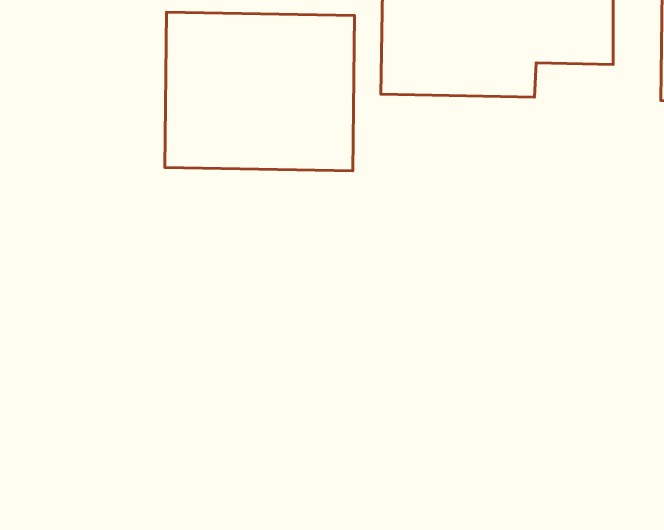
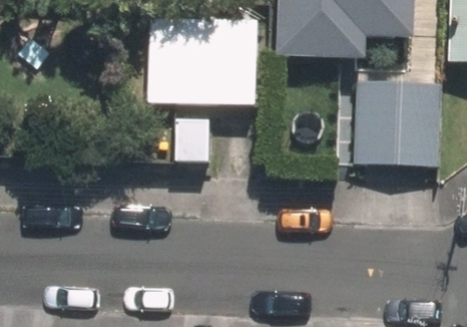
building: none -> [354,81,439,166]

